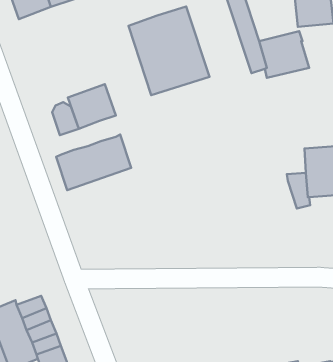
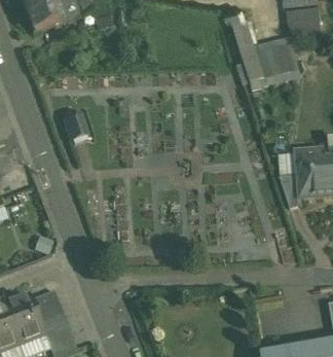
building: [128,6,209,95] -> none
building: [68,84,116,129] -> none
building: [56,135,131,190] -> none

